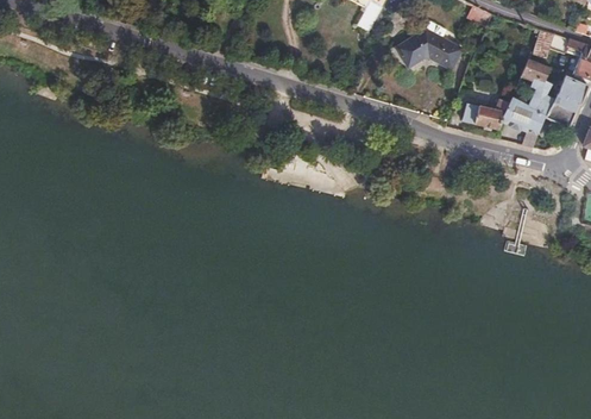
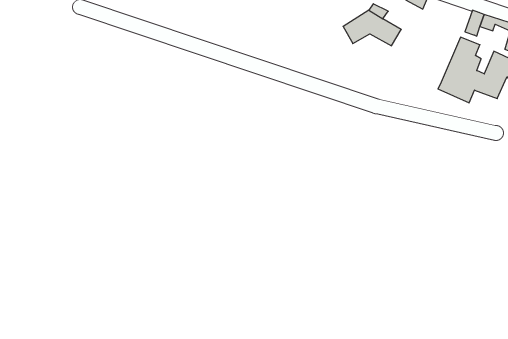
building: [461,104,505,129] -> none

